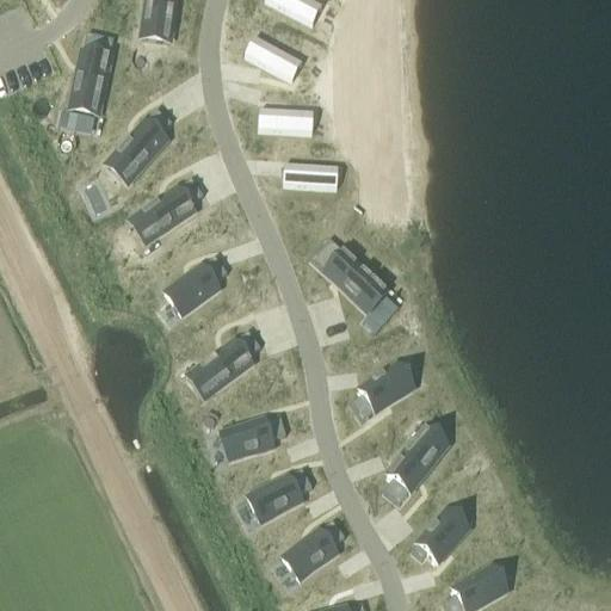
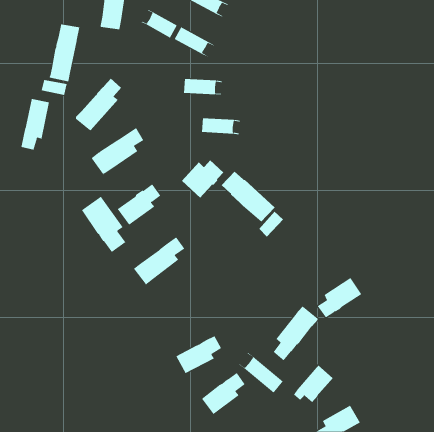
building: none -> [141,9,177,38]
building: none -> [21,98,50,150]
building: none -> [181,160,224,198]
building: none -> [81,196,126,253]
building: [351,364,414,421] -> [317,277,362,318]
building: [222,415,288,459] -> none
building: none -> [237,352,284,394]

